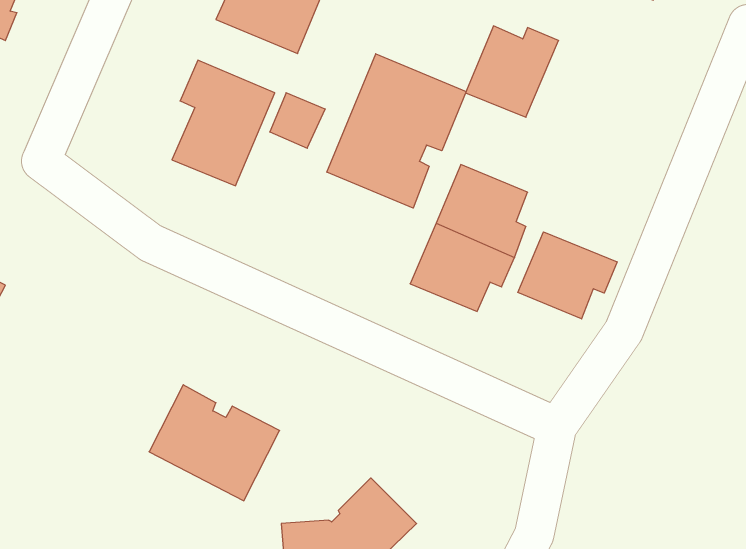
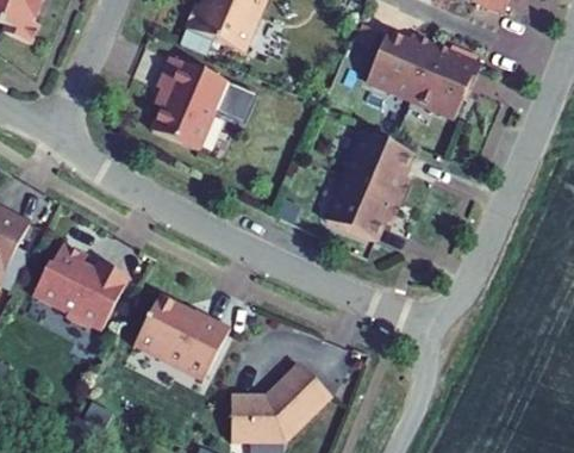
building: none -> [410,43,481,118]
building: [327,54,466,208] -> none
building: [518,232,617,319] -> none
building: none -> [32,243,129,329]

